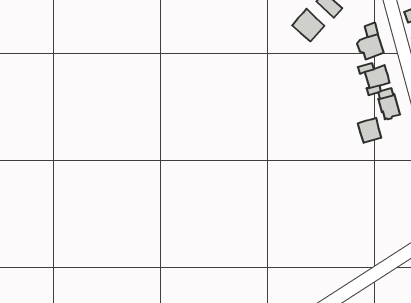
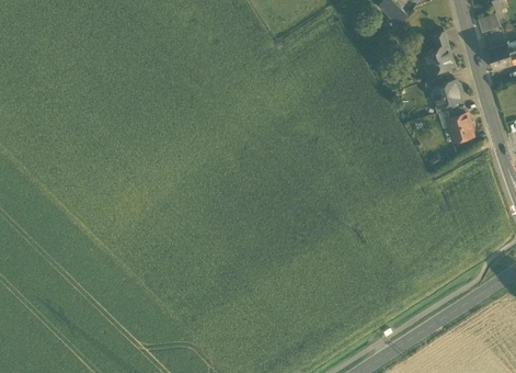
building: [292,9,324,41] -> none
building: [358,118,381,143] -> none

